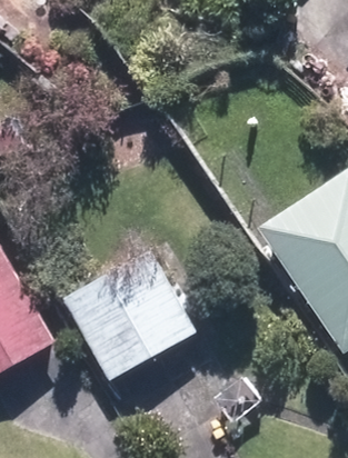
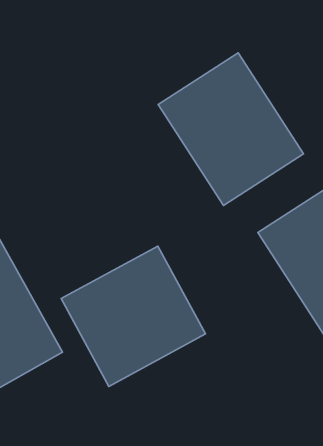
building: none -> [158,53,304,205]

